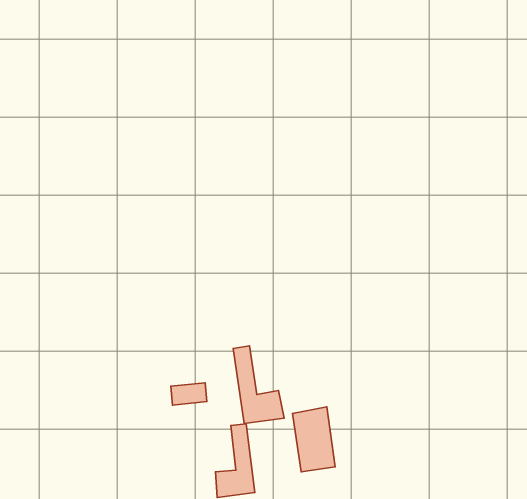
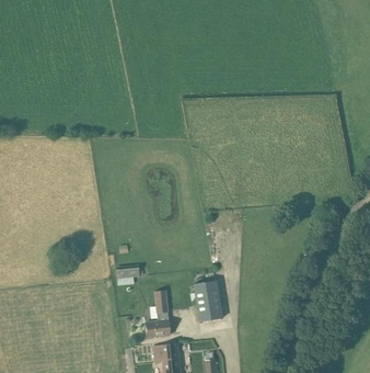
building: [233,346,284,424] -> none

